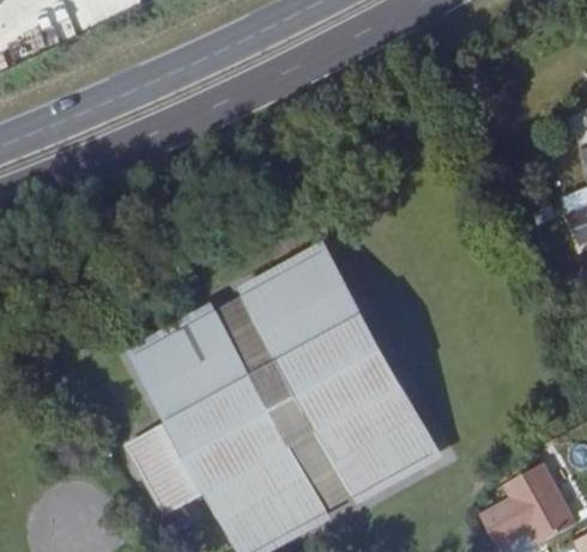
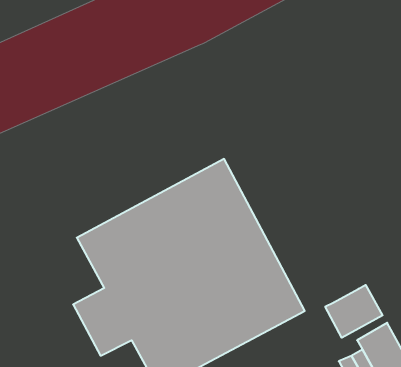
building: none -> [325,285,383,338]

